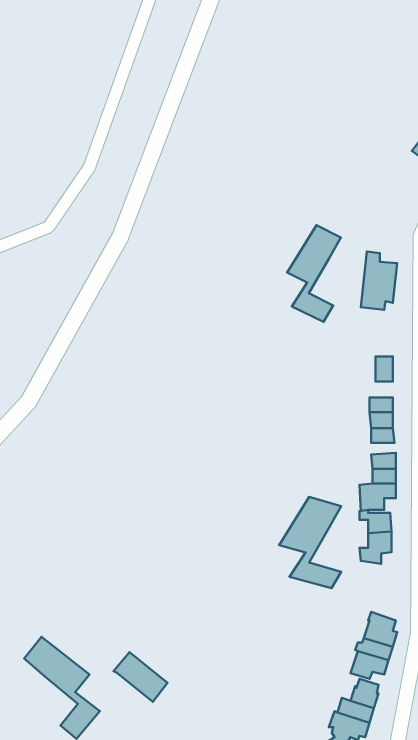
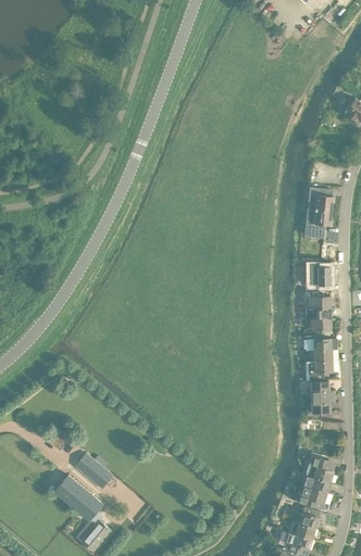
building: [287,225,341,322] -> none
building: [279,497,341,588] -> none
building: [113,652,167,702] -> [73,451,113,488]

